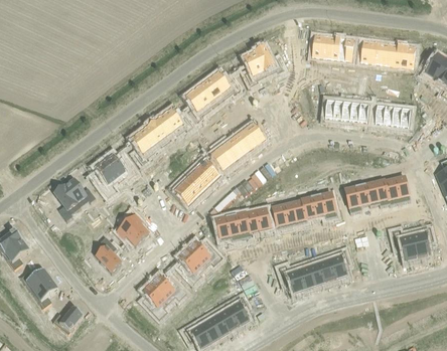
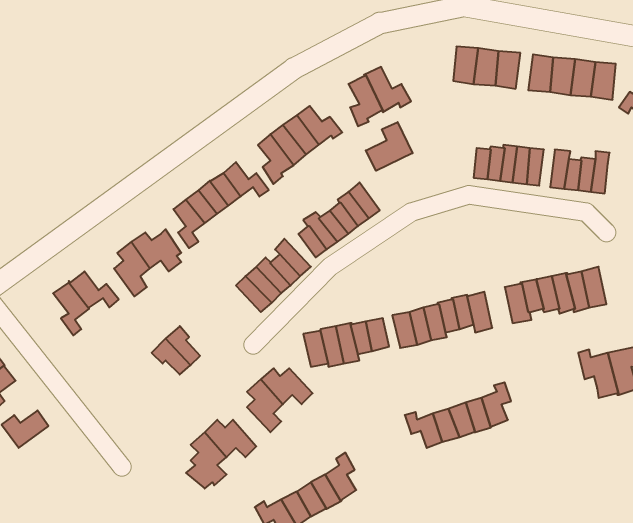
building: none -> [366,122,413,171]
building: [96,236,121,270] -> none
building: [31,277,58,306] -> none
building: [52,305,83,332] -> none

